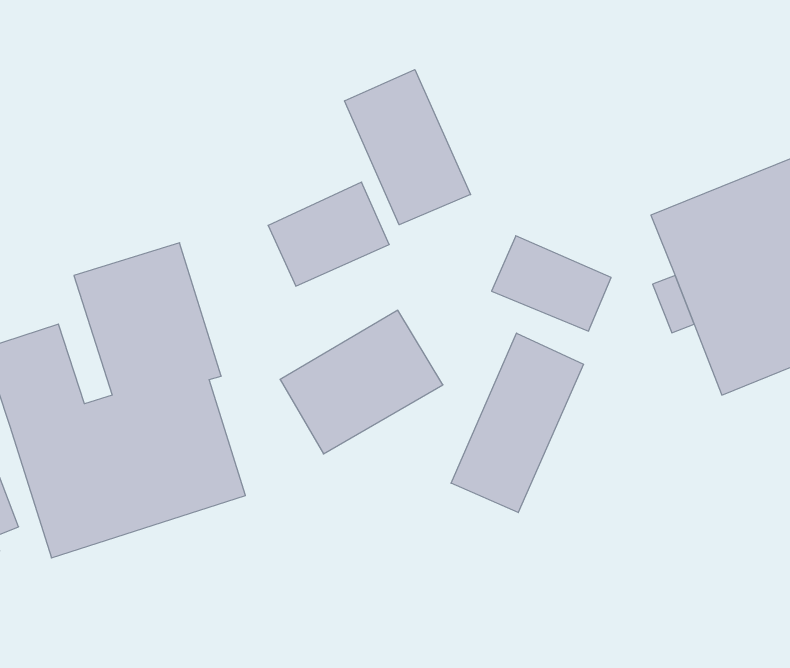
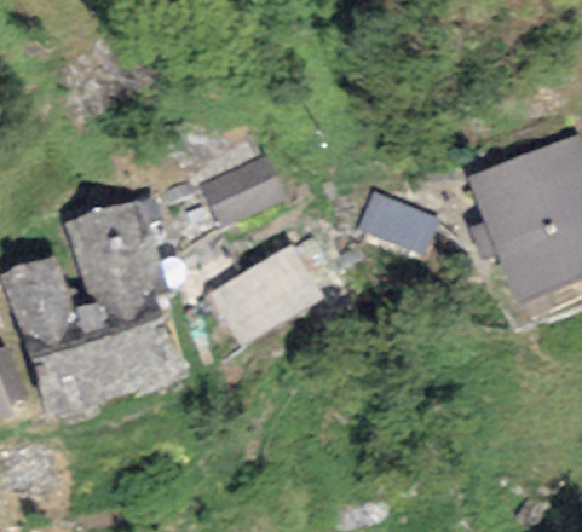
building: [345,70,471,225] -> none
building: [451,333,584,513] -> none

